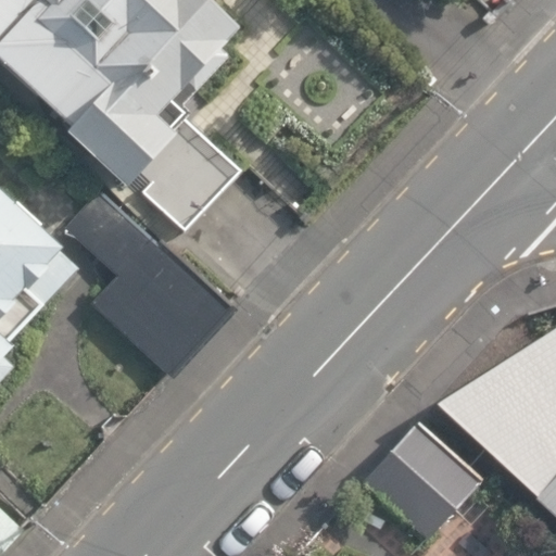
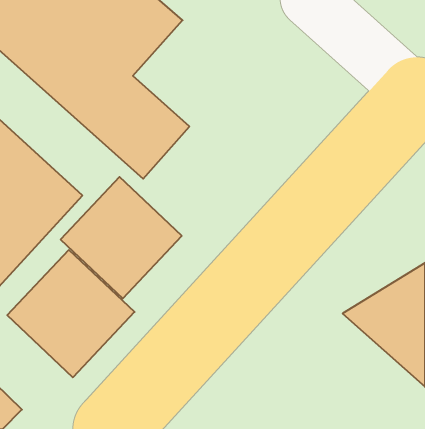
building: none -> [7,250,135,377]
building: [357,416,478,535] -> none

